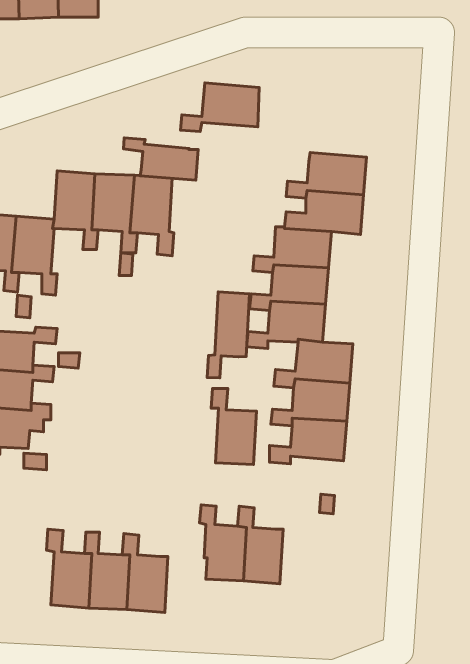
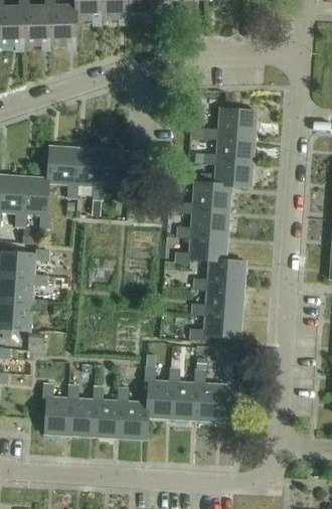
building: [180,83,259,132] -> [203,108,256,140]
building: [124,138,198,180] -> none
building: [207,292,250,378] -> none
building: [211,388,257,464] -> [194,370,224,420]
building: none -> [118,387,149,440]

